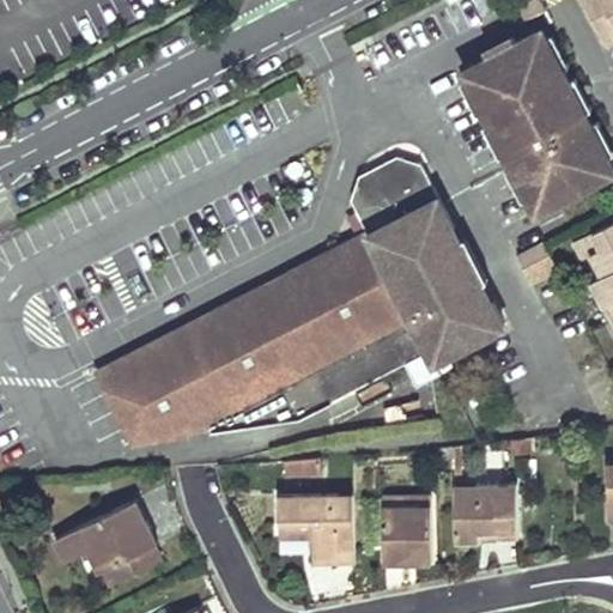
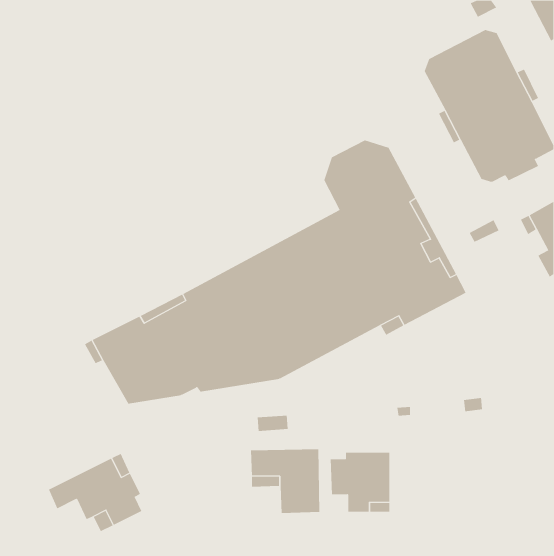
building: [450,484,514,542] -> none

